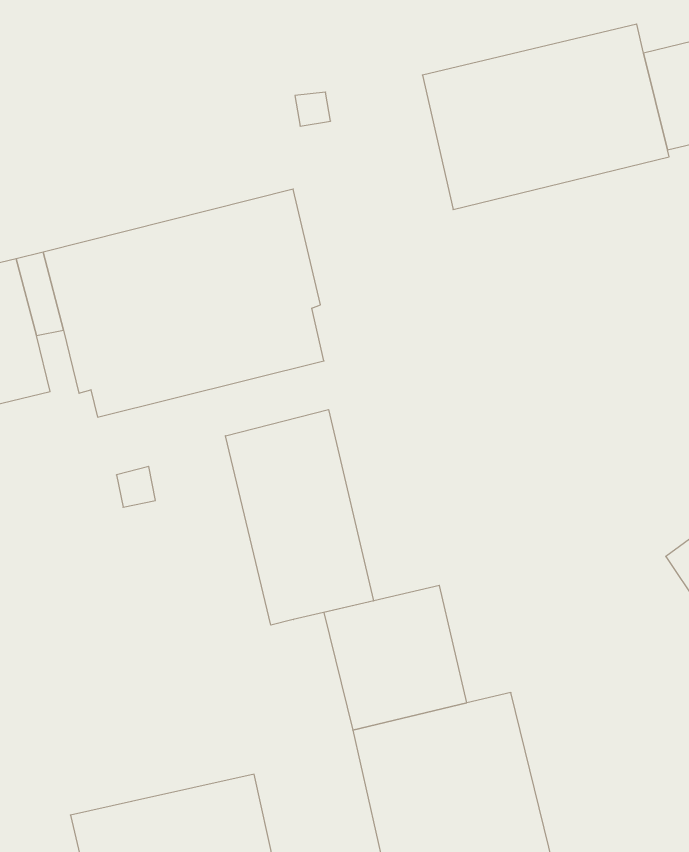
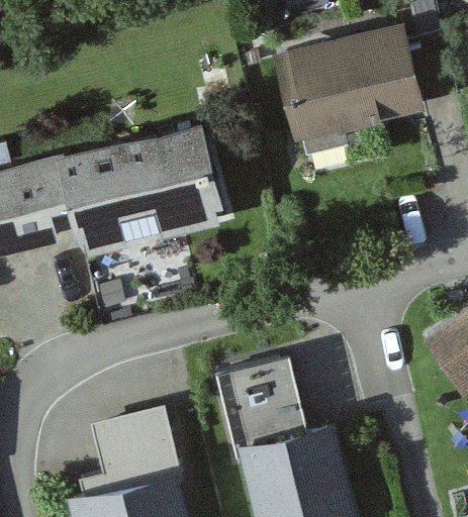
building: [225,410,374,625] -> none
building: none -> [90,407,178,485]

